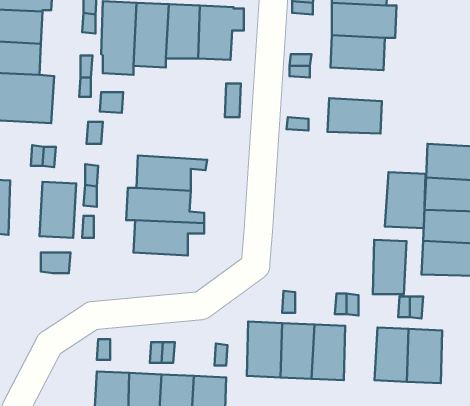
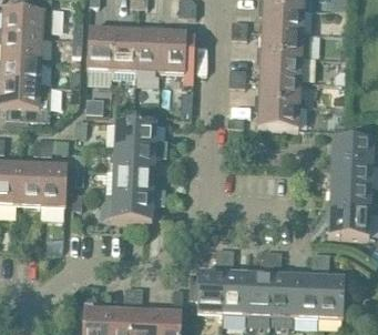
building: none -> [258,77,299,102]
building: none -> [114,119,166,146]
building: [385,172,426,228] -> none
building: none -> [17,162,42,204]
building: [373,240,407,294] -> [269,272,295,313]

